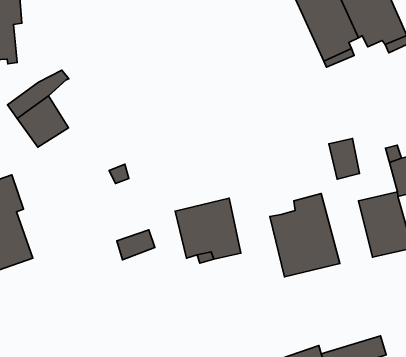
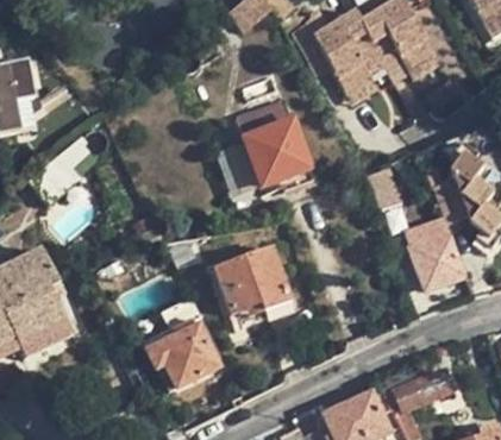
building: none -> [234,101,312,189]
building: [270,193,340,277] -> none
building: none -> [139,314,218,389]

